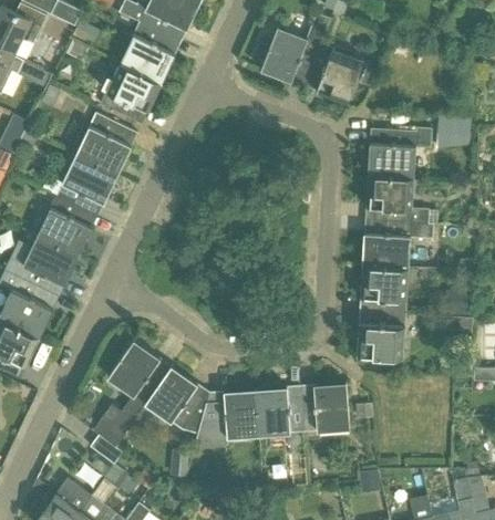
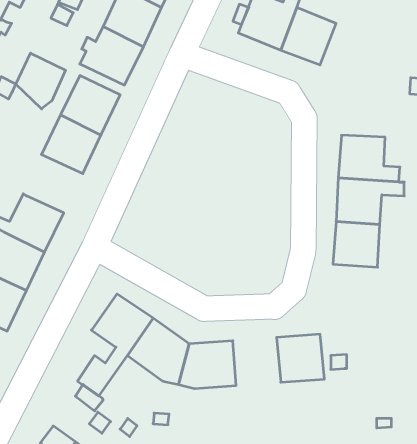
building: none -> [16,53,66,109]
building: [368,128,432,178] -> none
building: [37,196,99,257] -> none
building: [357,310,405,358] -> none
building: [255,386,305,436] -> none

